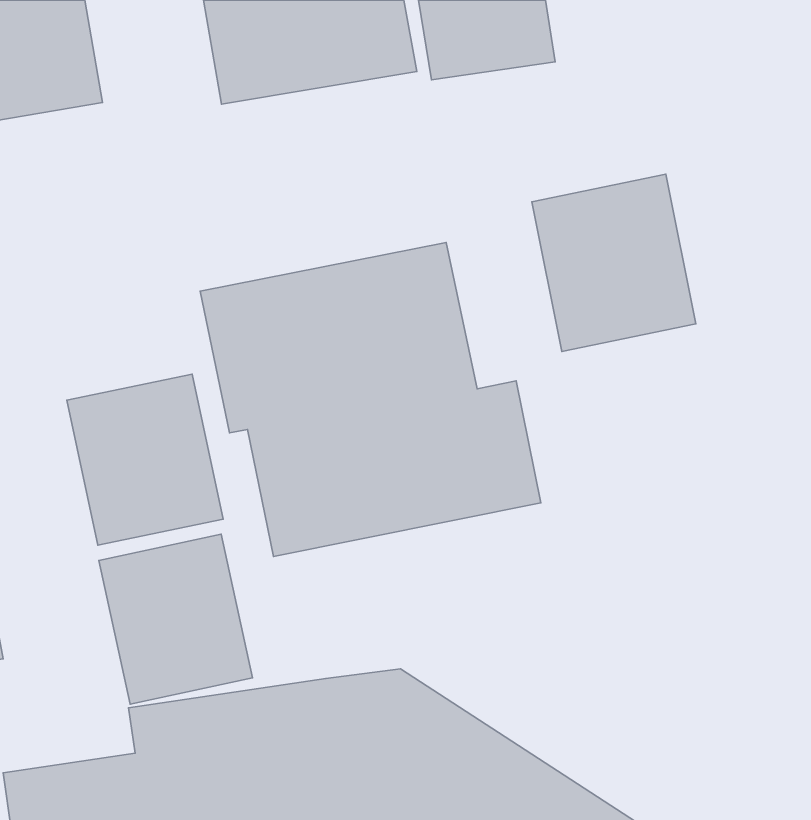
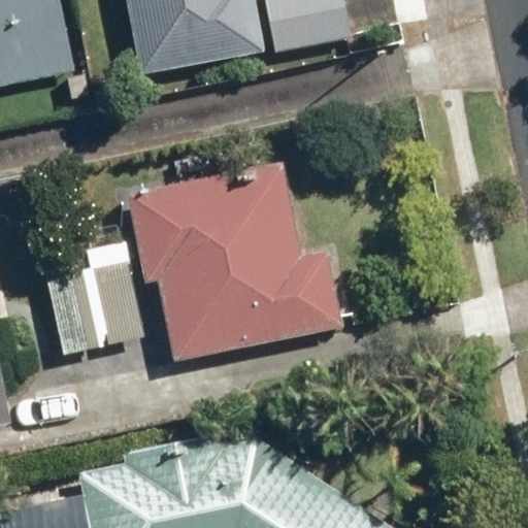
building: [532,174,696,352] -> none
building: [99,534,253,704] -> none

